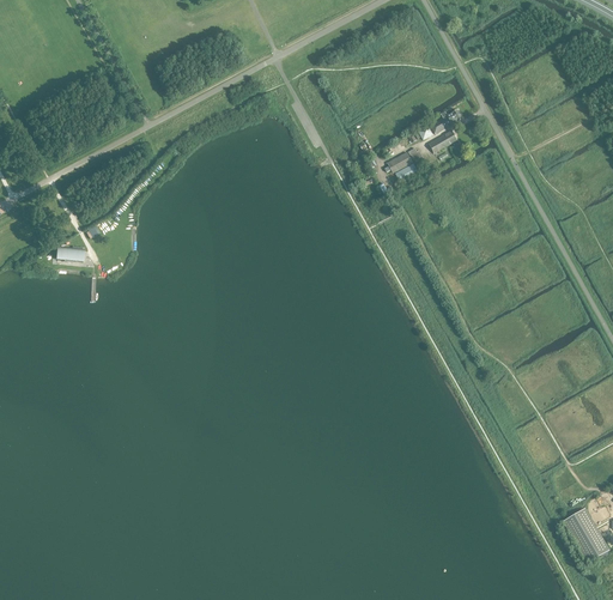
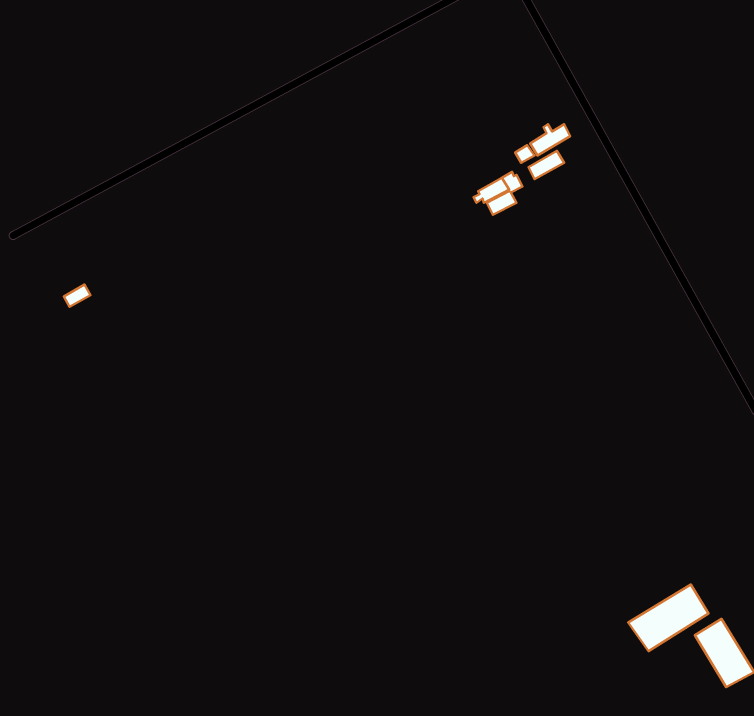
building: none -> [628,584,709,651]

